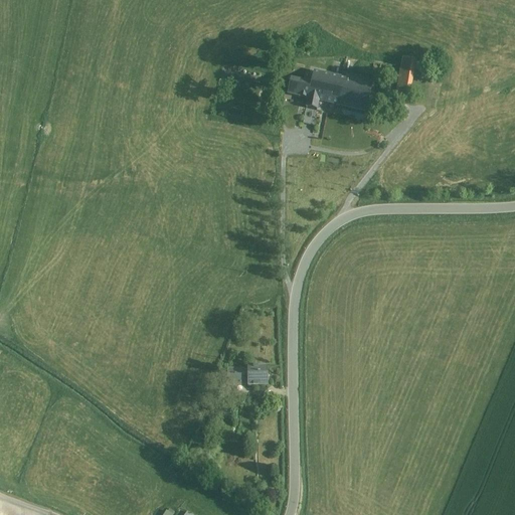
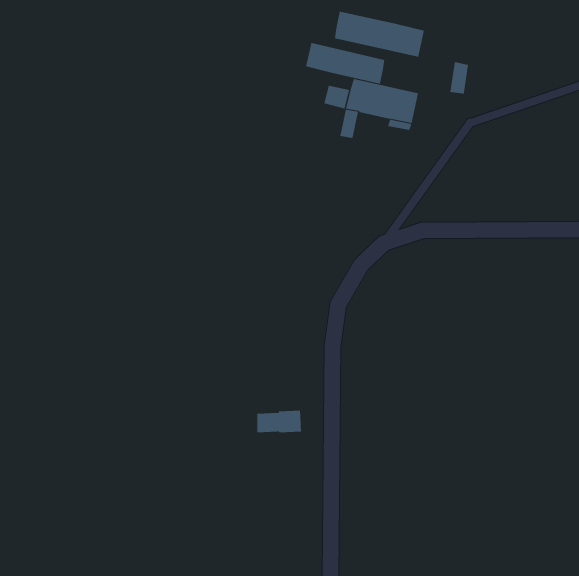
building: none -> [335,11,425,58]
building: none -> [305,42,385,84]

